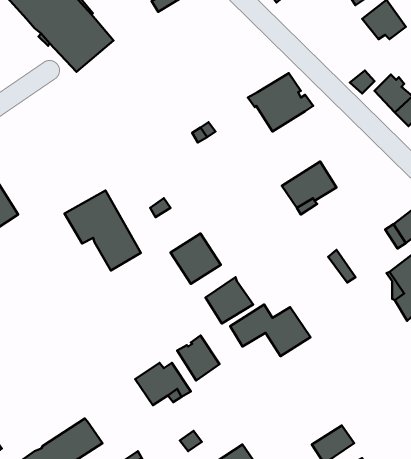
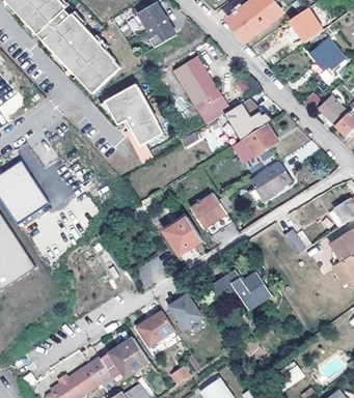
building: none -> [173,55,230,124]
building: none -> [233,123,279,164]
building: [65,190,141,271] -> [106,84,164,145]
building: [205,277,253,323] -> [193,197,229,232]
building: none -> [101,338,149,383]

